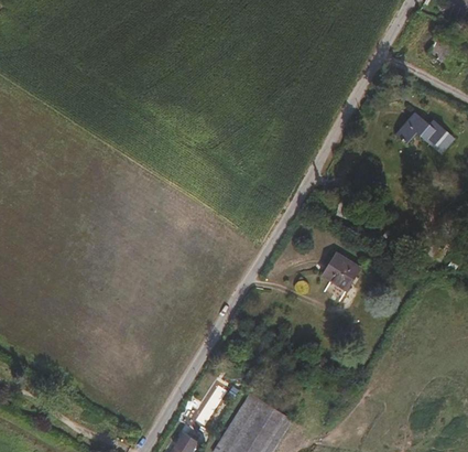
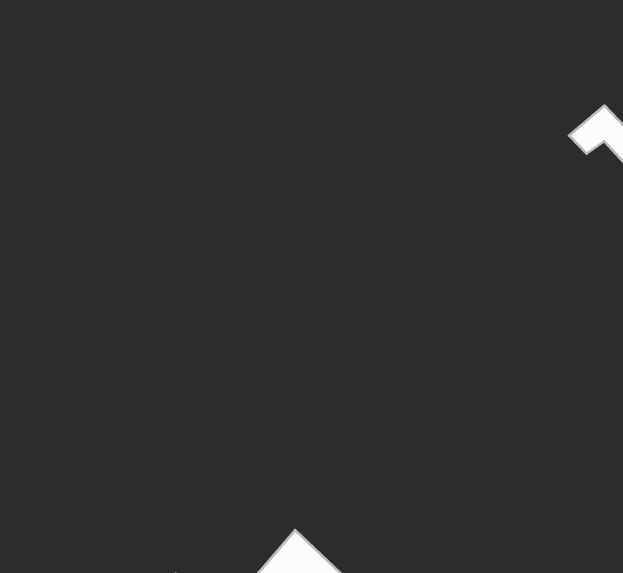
building: [324,251,361,289] -> none

